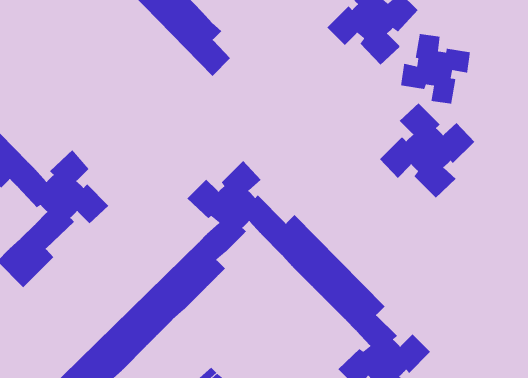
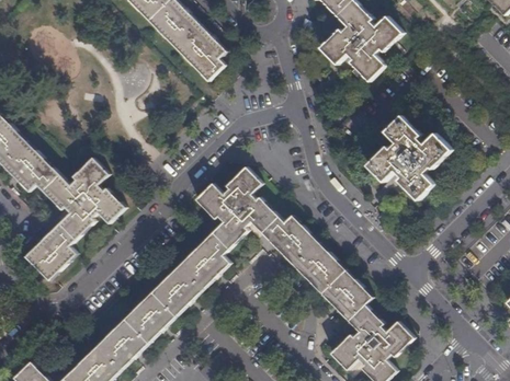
building: [400,33,471,104] -> none

